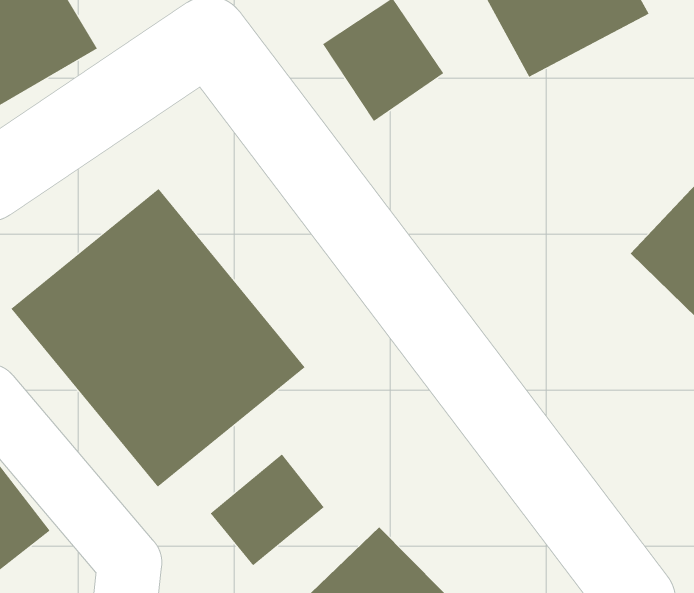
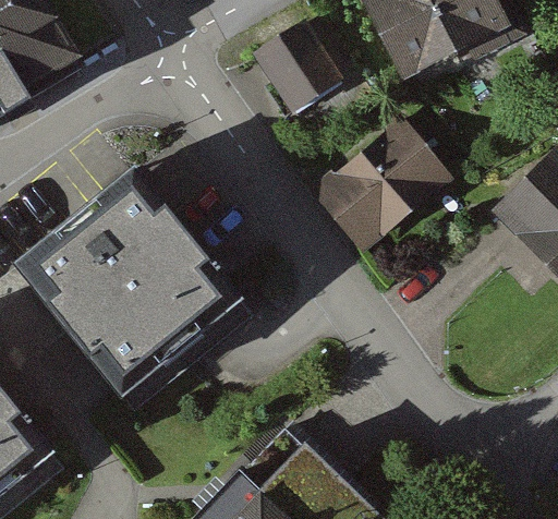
building: none -> [317,122,447,248]
building: [210,454,325,566] -> none

